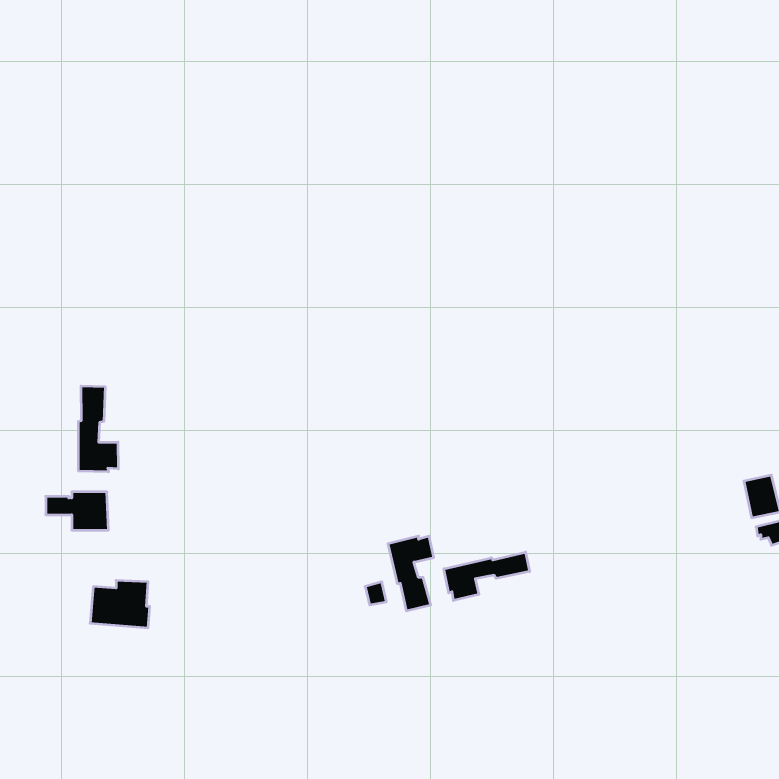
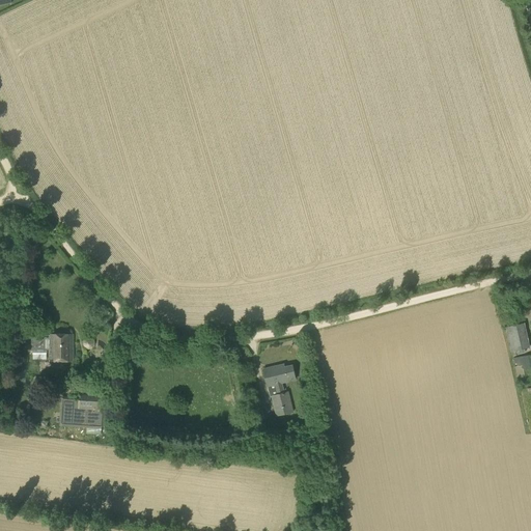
building: [79,386,118,472] -> none
building: [444,552,530,601] -> none

